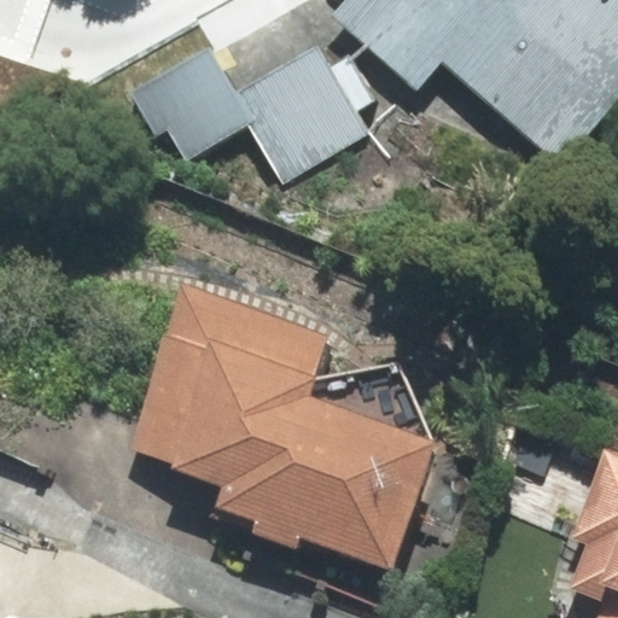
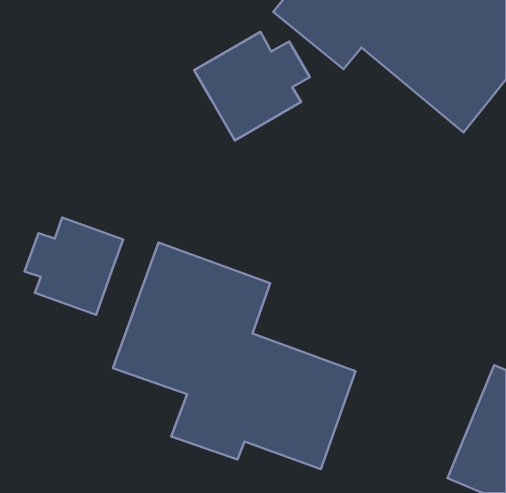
building: [132,40,257,167] -> none
building: none -> [25,217,123,315]

